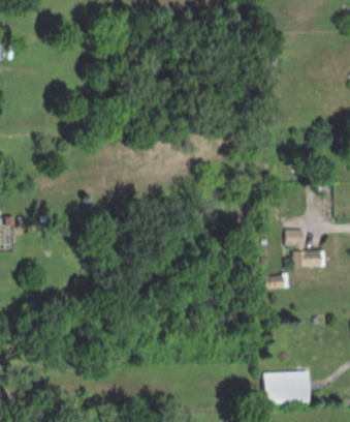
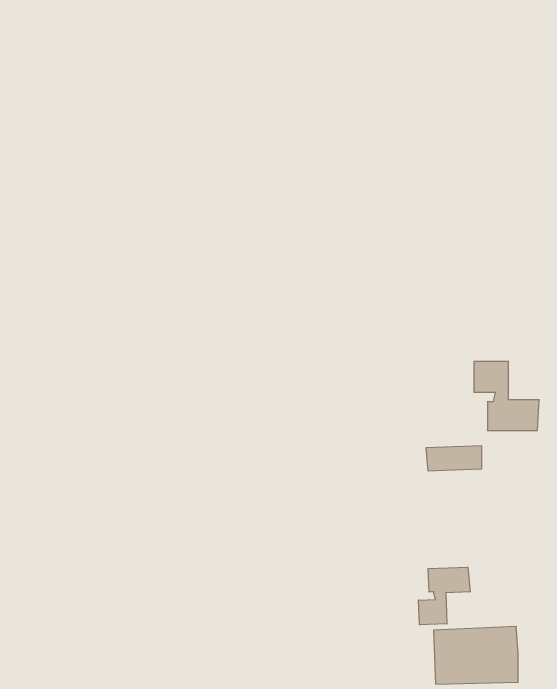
building: none -> [419,567,470,625]

